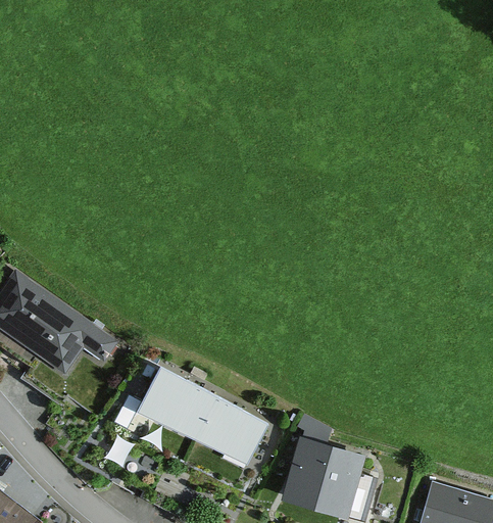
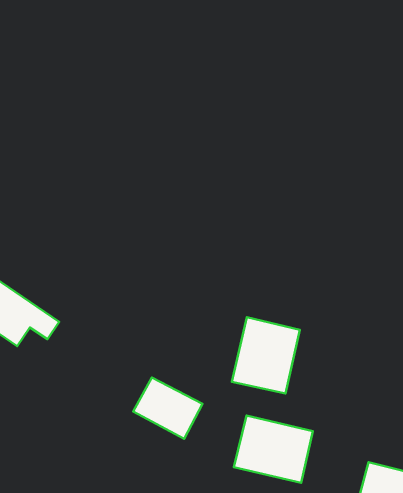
building: none -> [232,317,300,394]
building: [130,371,202,435] -> none

